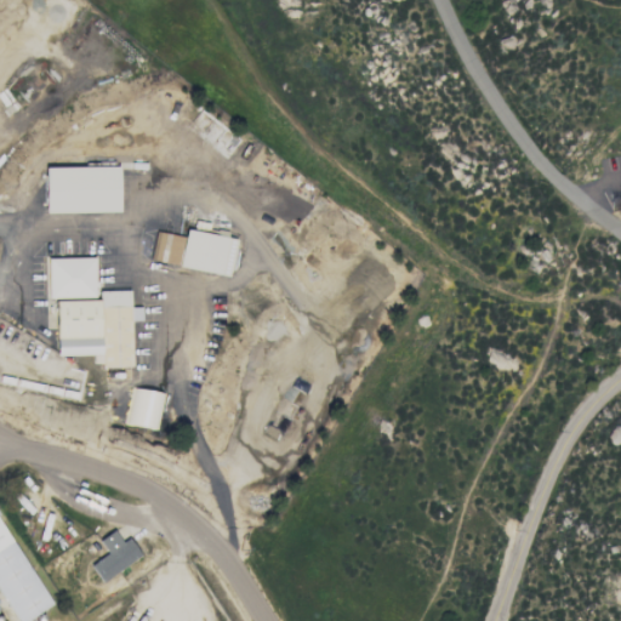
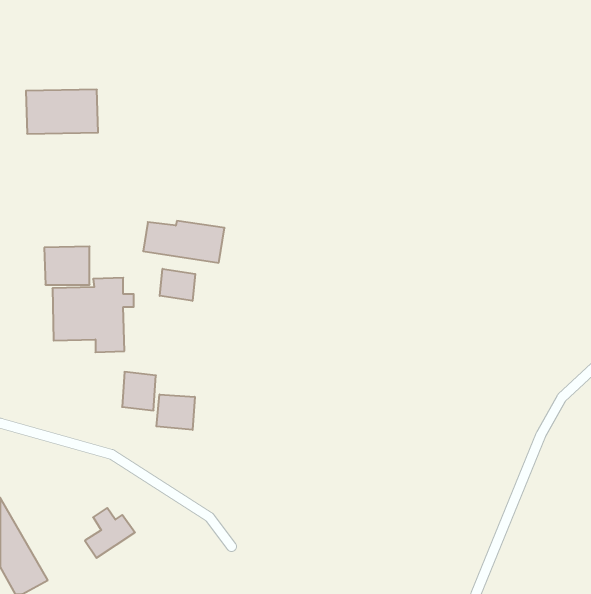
building: [46,166,121,212] -> [26,90,98,134]
building: none -> [160,269,195,301]
building: none -> [156,394,195,430]

